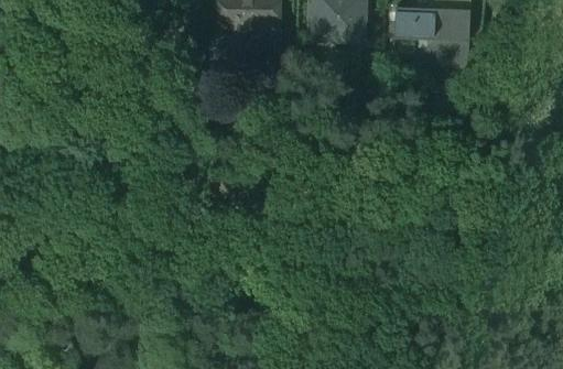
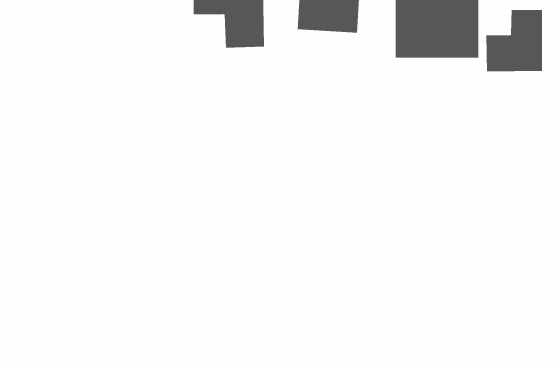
building: none -> [486,9,543,72]

